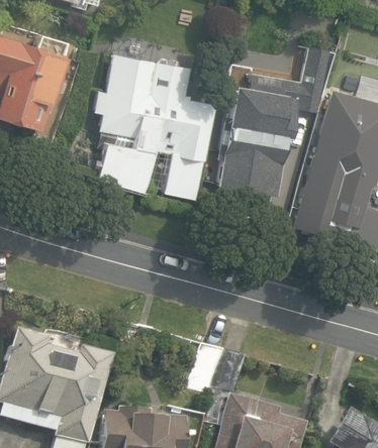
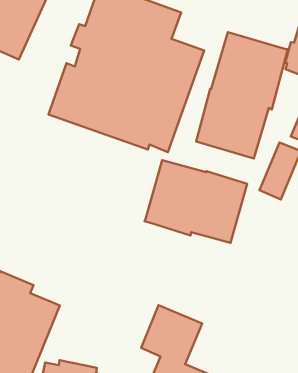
building: none -> [145,160,247,243]

